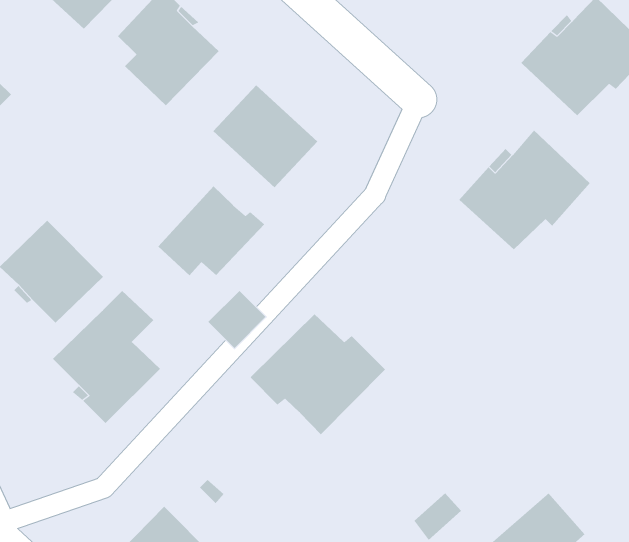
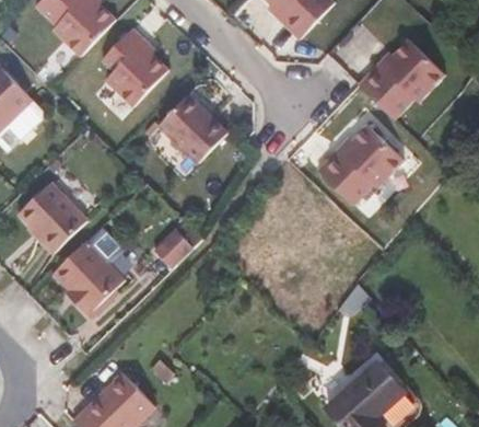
building: [158,186,265,276] -> none
building: [250,313,386,435] -> none

